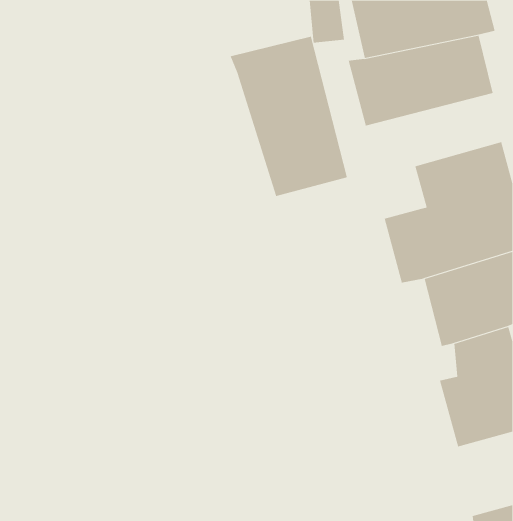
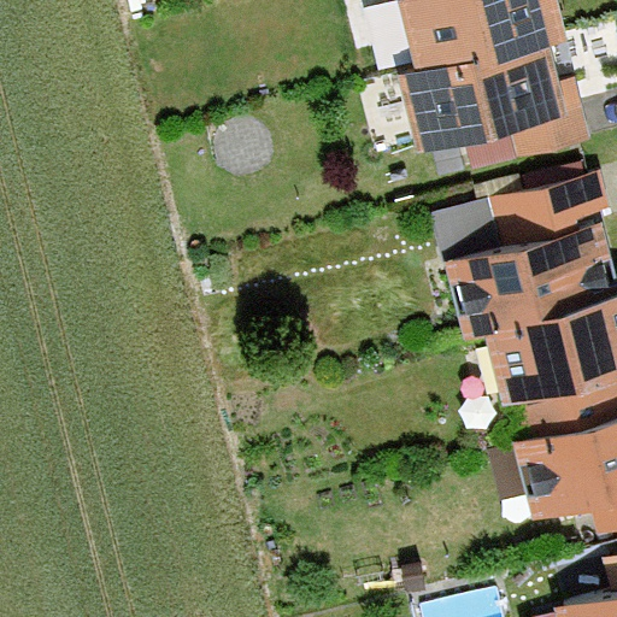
building: [230,36,347,197] -> none

